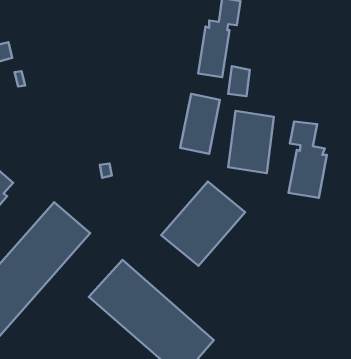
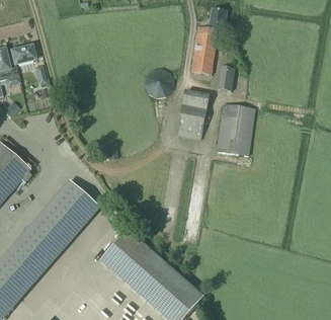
building: none -> [144,68,174,98]
building: [289,121,327,198] -> none
building: [161,182,245,266] -> none

